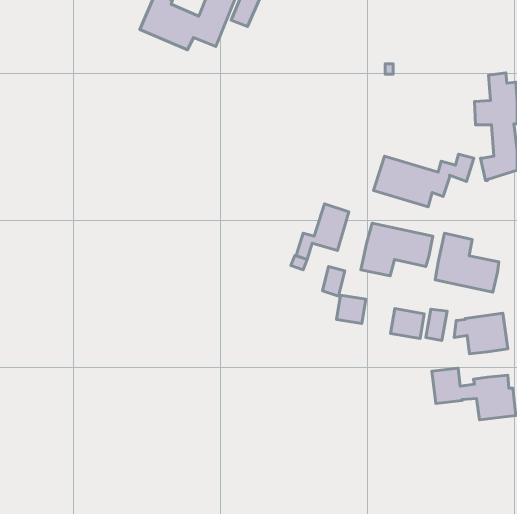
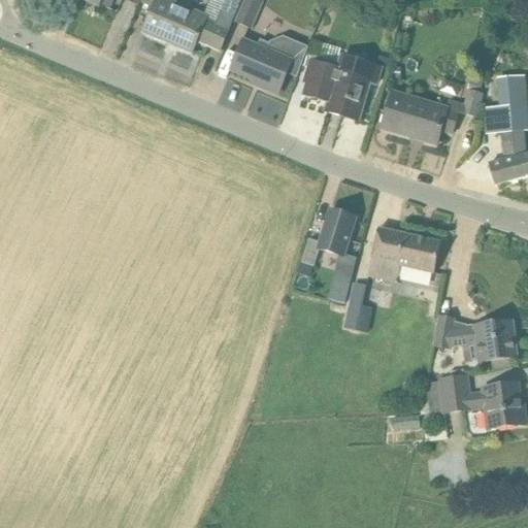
building: none -> [230,34,307,92]
building: none -> [304,55,380,119]
building: [373,154,474,207] -> [381,89,483,142]
building: [435,233,499,292] -> none
building: [391,309,424,339] -> none

